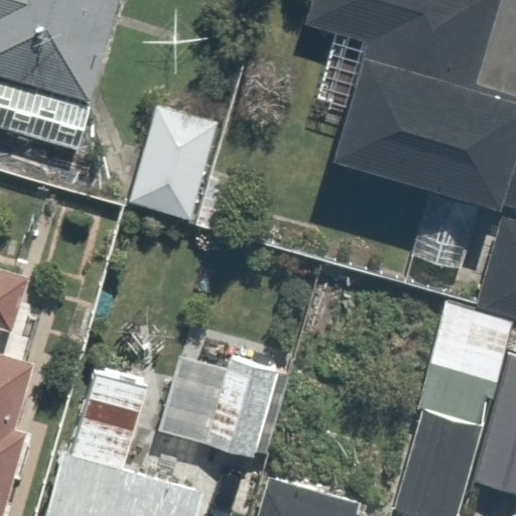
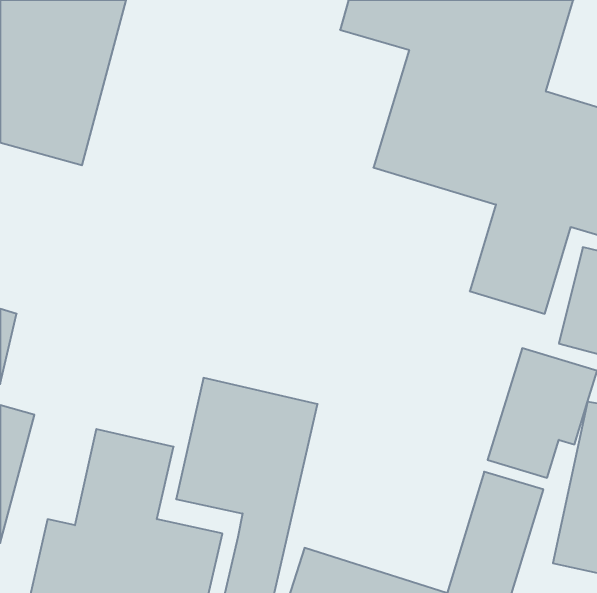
building: [131,104,219,217] -> none

